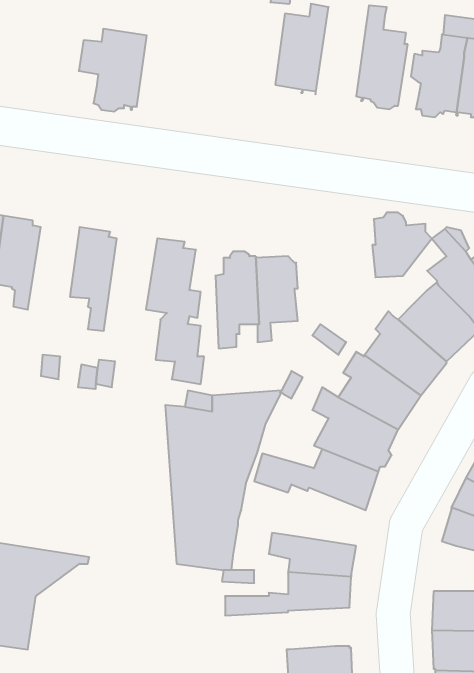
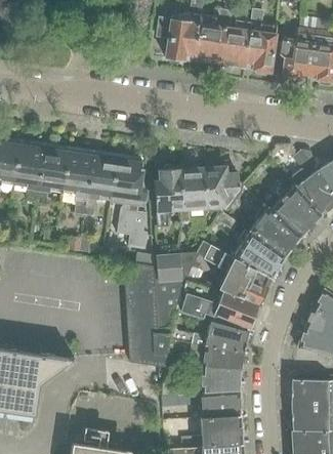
building: none -> [218,10,250,68]
building: [79,29,147,111] -> [156,10,199,63]
building: [372,213,432,277] -> [205,168,243,209]
building: none -> [35,147,69,215]
building: none -> [84,154,118,216]
building: none -> [169,322,249,352]
building: none -> [161,390,240,417]

